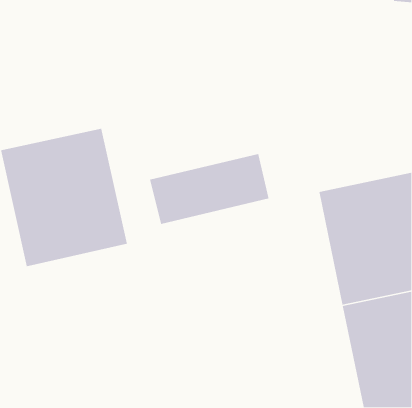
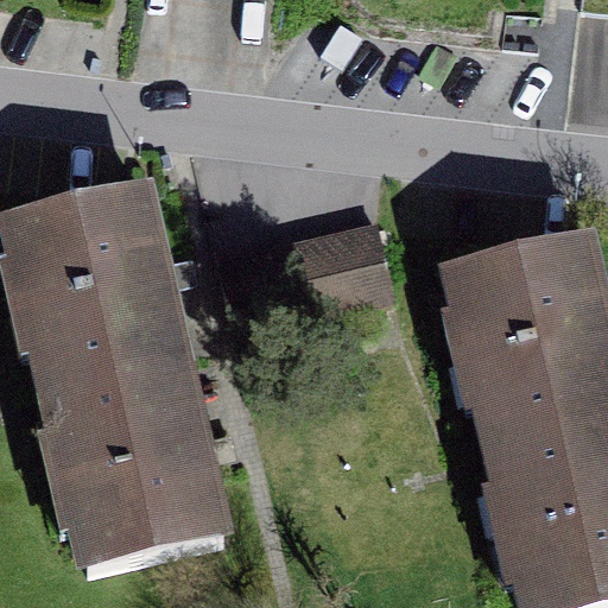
building: none -> [38,356,224,559]

